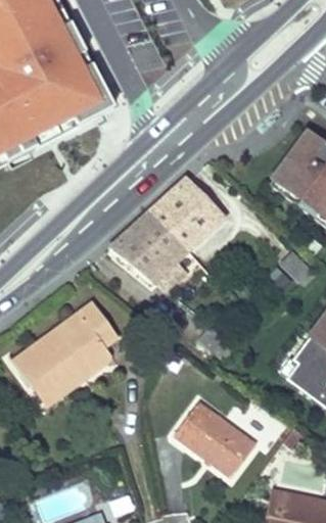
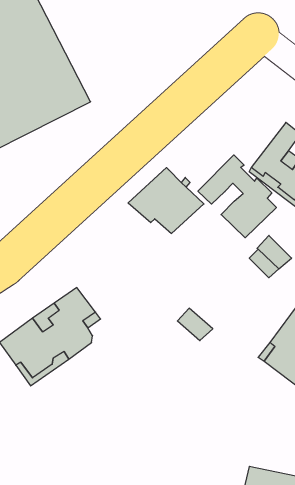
building: none -> [198,155,276,238]
building: [111,213,191,281] -> none
building: [174,399,255,475] -> none

